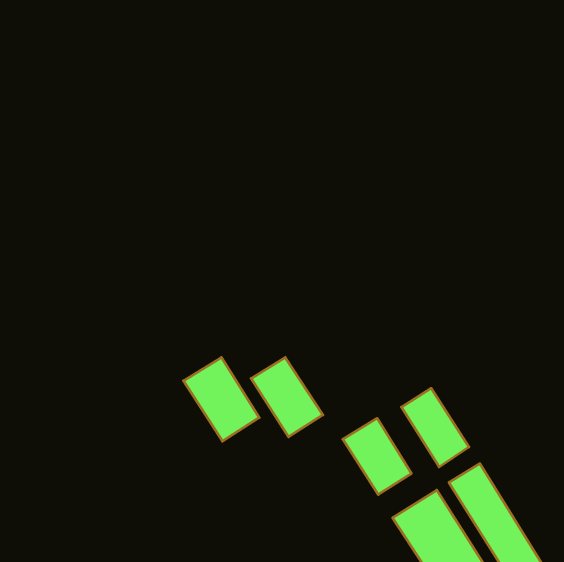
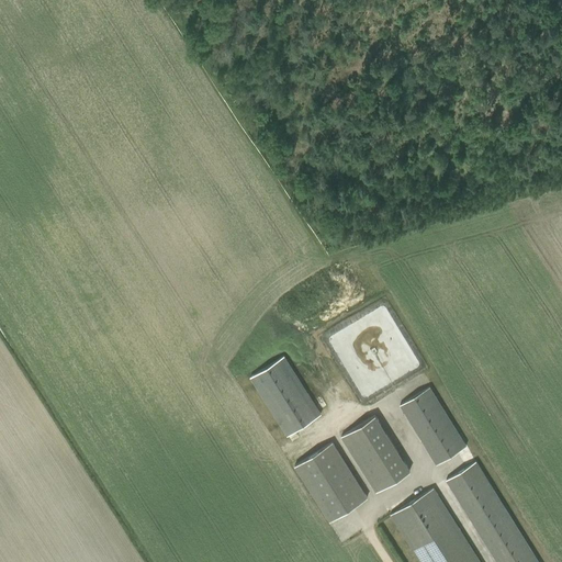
building: [183,357,259,441] -> none
building: none -> [295,445,367,524]

